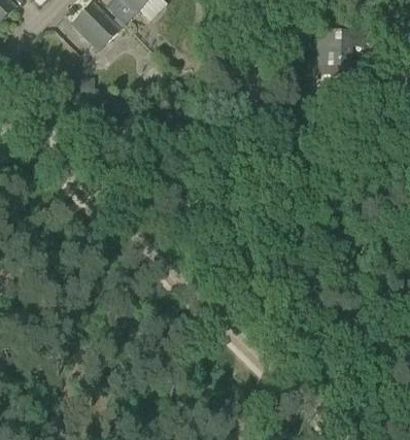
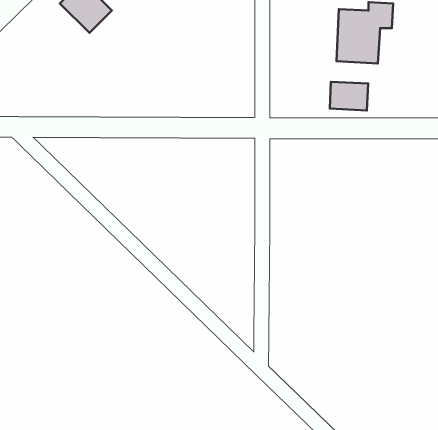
building: none -> [330,82,368,110]

